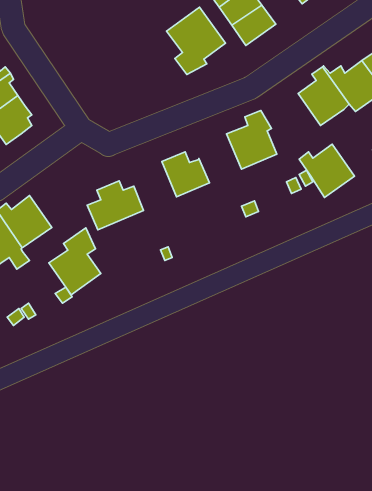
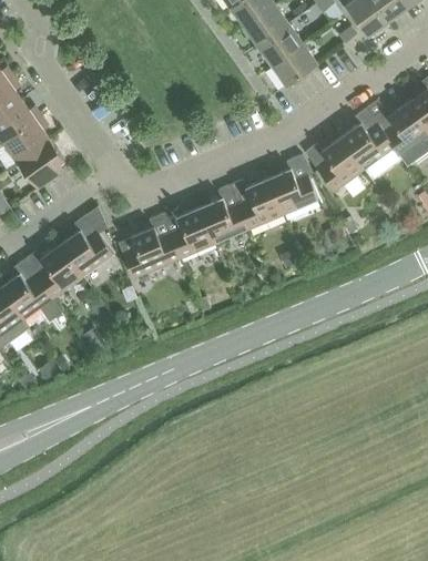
building: [167,7,225,74] -> none
building: none -> [228,179,282,230]
building: [299,144,354,197] -> [306,136,364,192]
building: none -> [162,207,214,258]
building: [49,228,101,295] -> [61,206,115,276]

